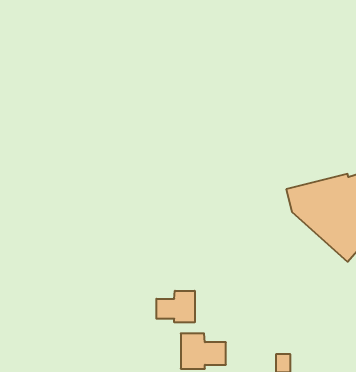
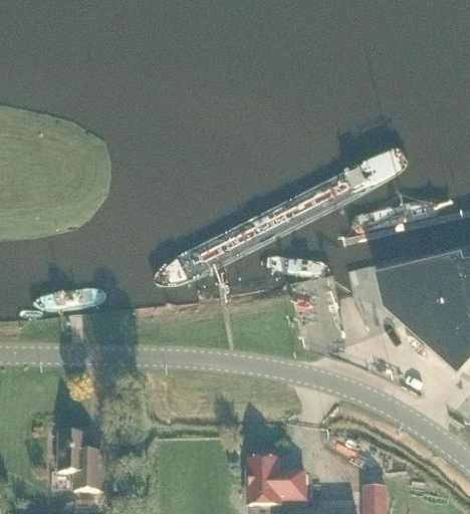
building: [156,291,195,322] -> none
building: none -> [57,431,102,488]

